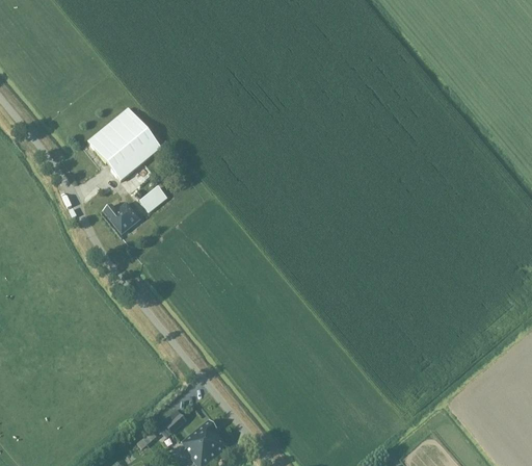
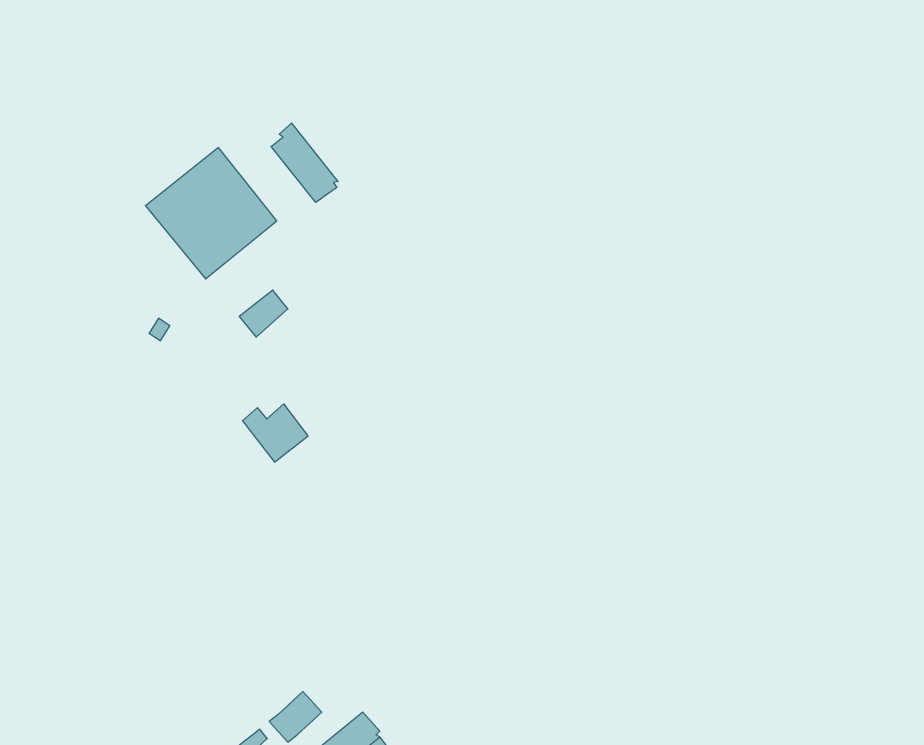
building: none -> [271,123,338,202]
building: [103,202,139,234] -> [242,404,308,462]

